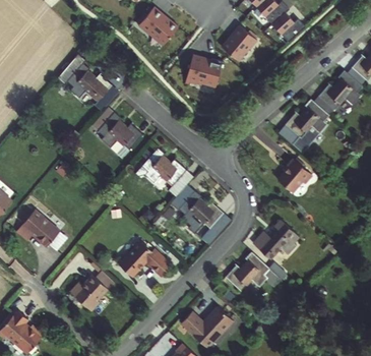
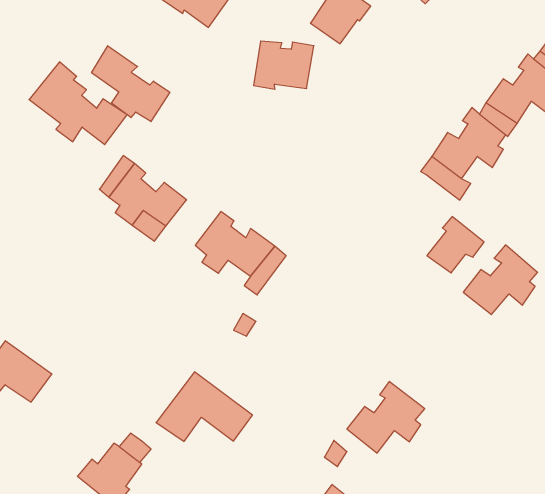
building: none -> [92,46,170,122]
building: [181,190,227,237] -> none
building: [255,220,299,259] -> [463,245,538,315]

